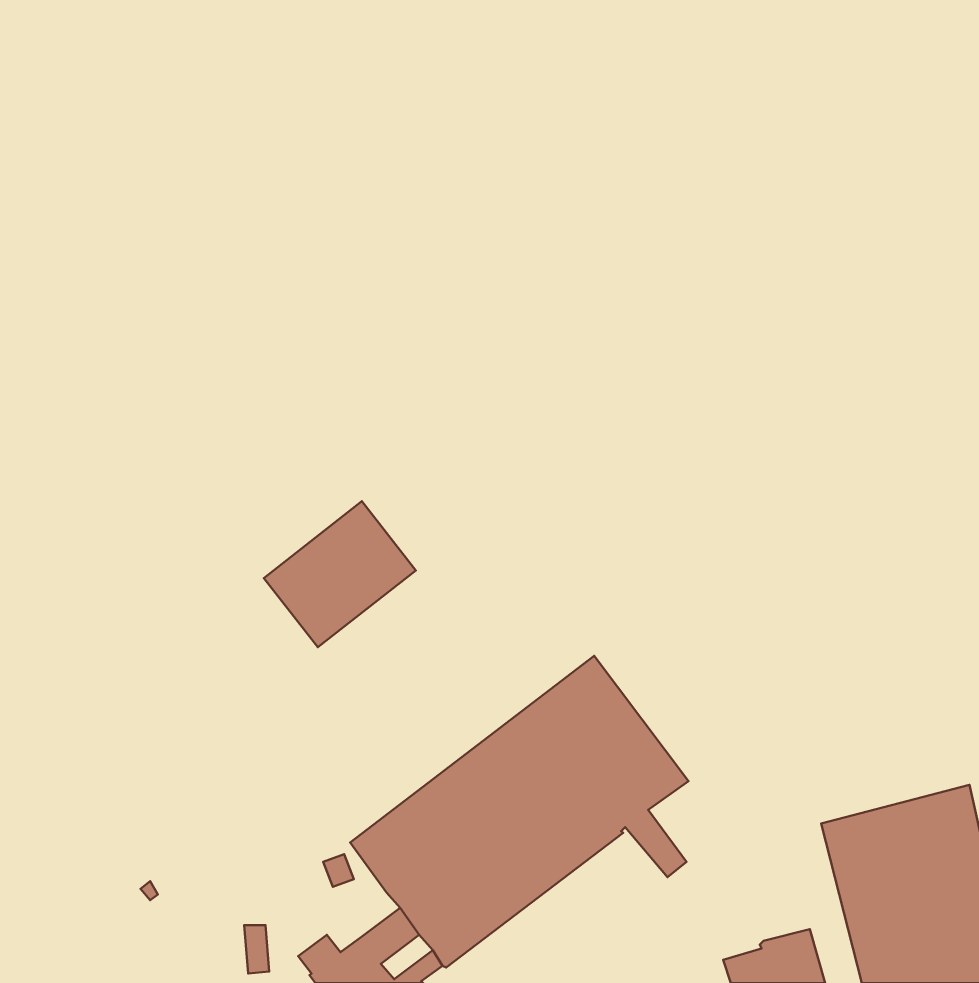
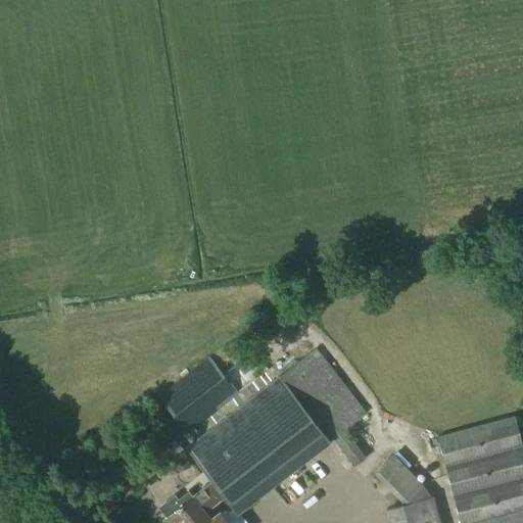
building: [264,501,416,647] -> [159,358,240,435]
building: none -> [375,456,425,503]

